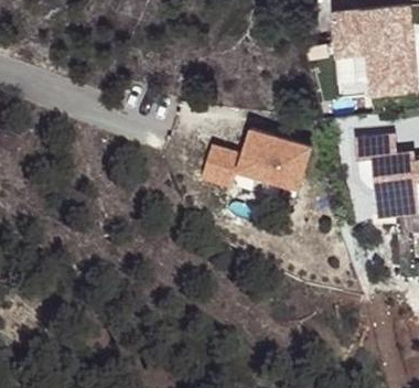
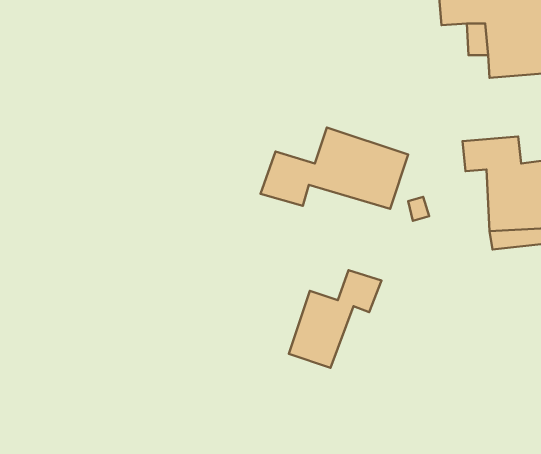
building: none -> [289,270,381,368]

